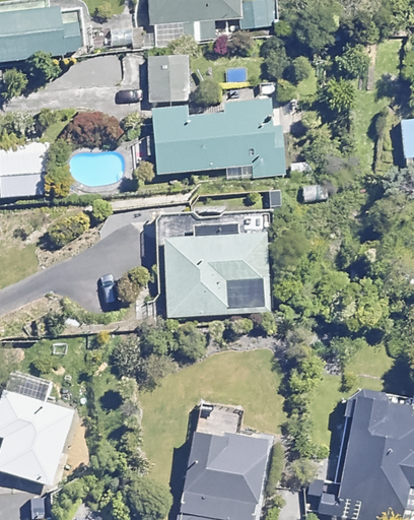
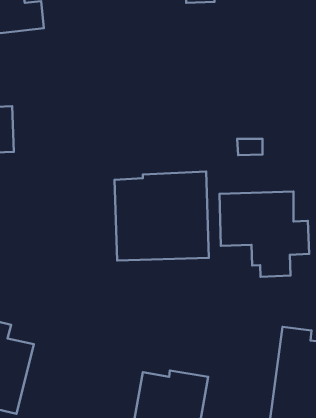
building: [148,56,188,98] -> none
building: [154,96,286,173] -> none
building: none -> [219,192,309,277]

